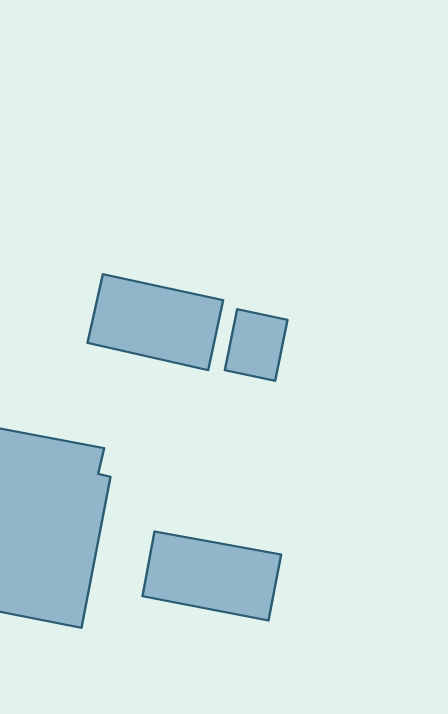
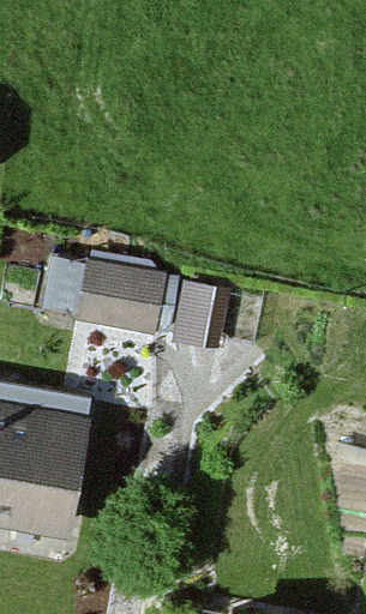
building: [143,532,281,621] -> none

